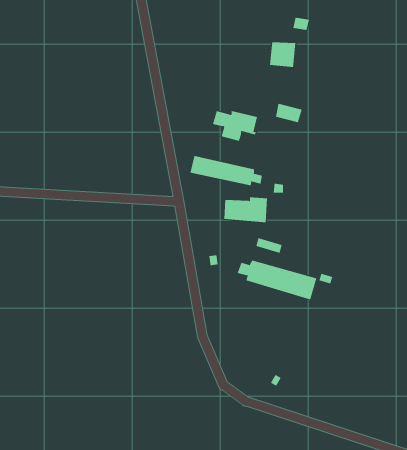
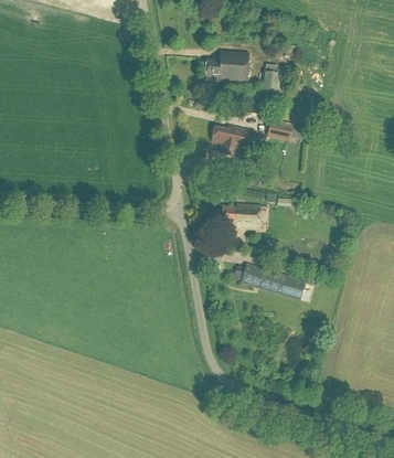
building: none -> [203,51,248,82]
building: [190,155,262,186] -> none

